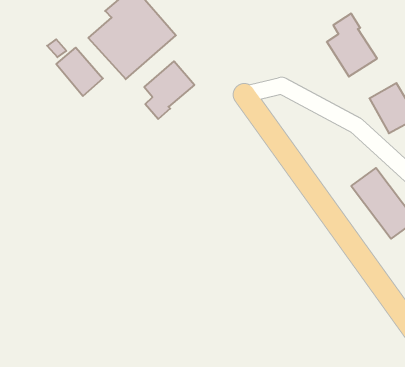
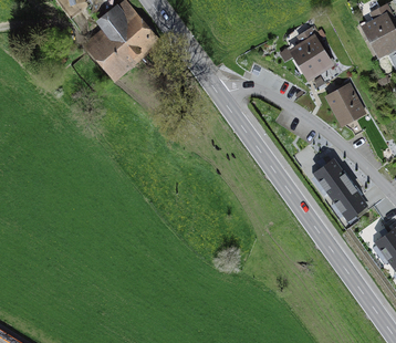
building: [56,48,103,96] -> none
building: [144,61,194,119] -> none

